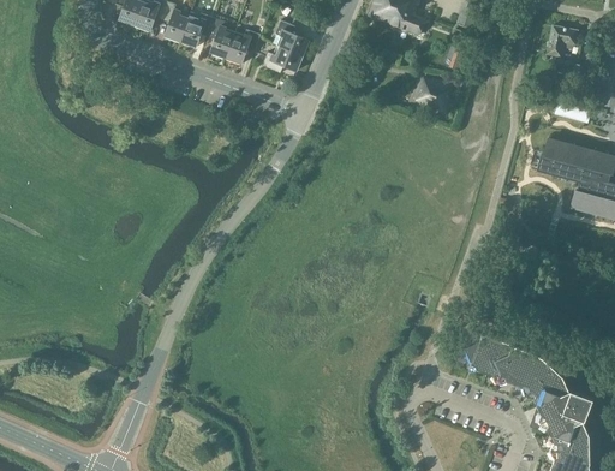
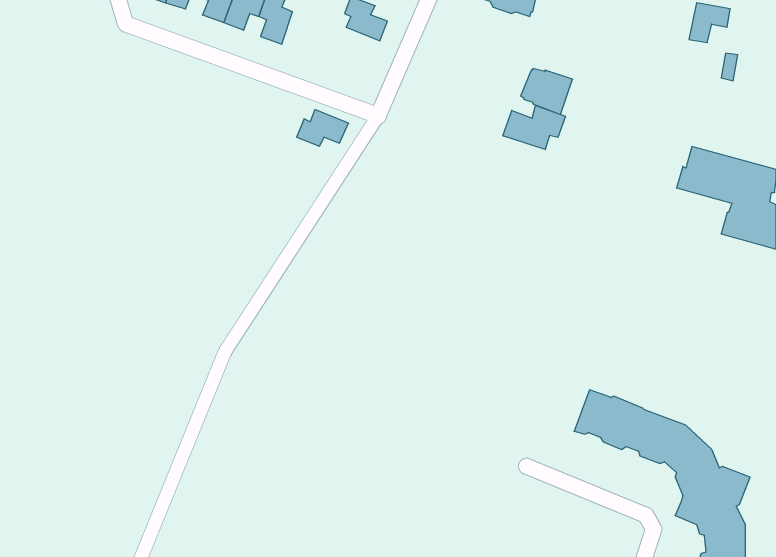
building: [226,29,261,64] -> none
building: [262,44,303,73] -> [297,110,349,146]
building: none -> [503,106,566,150]

